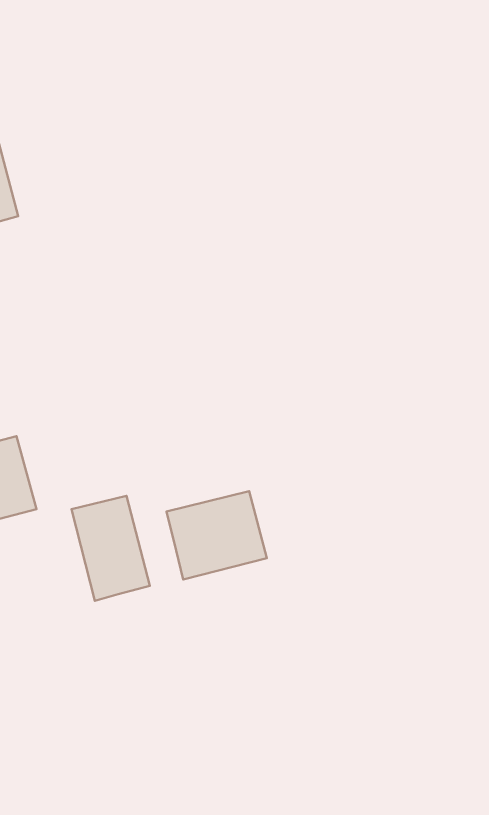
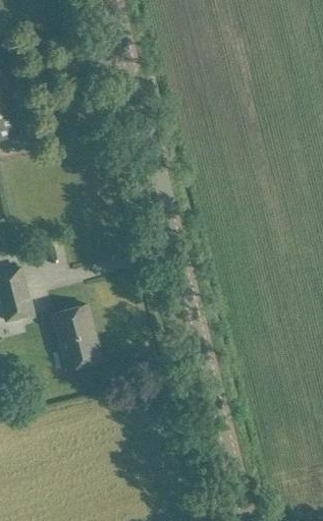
building: [167,491,267,580] -> none

